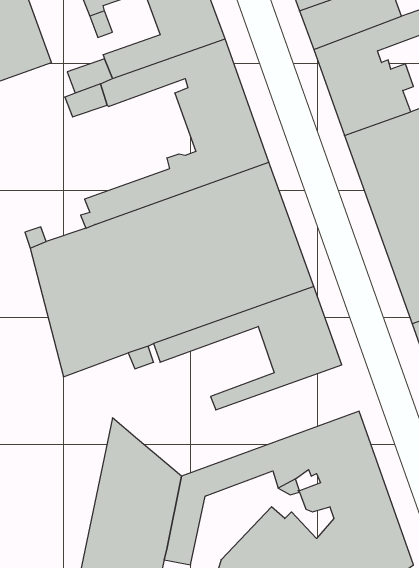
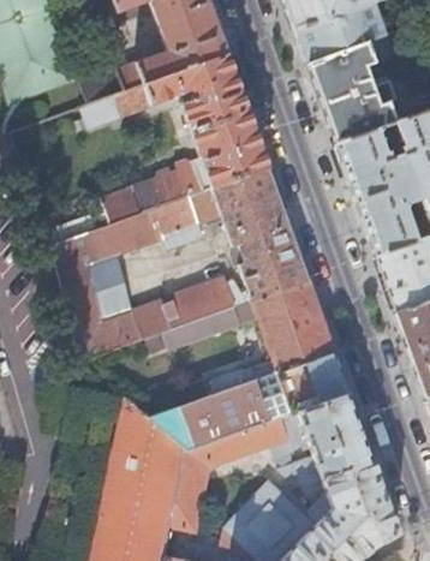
building: none -> [149,348,350,449]

